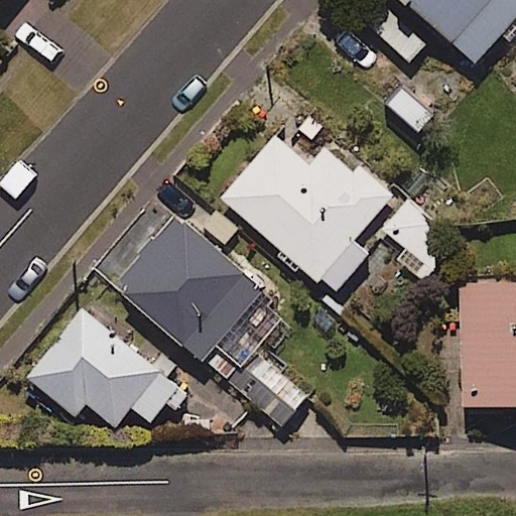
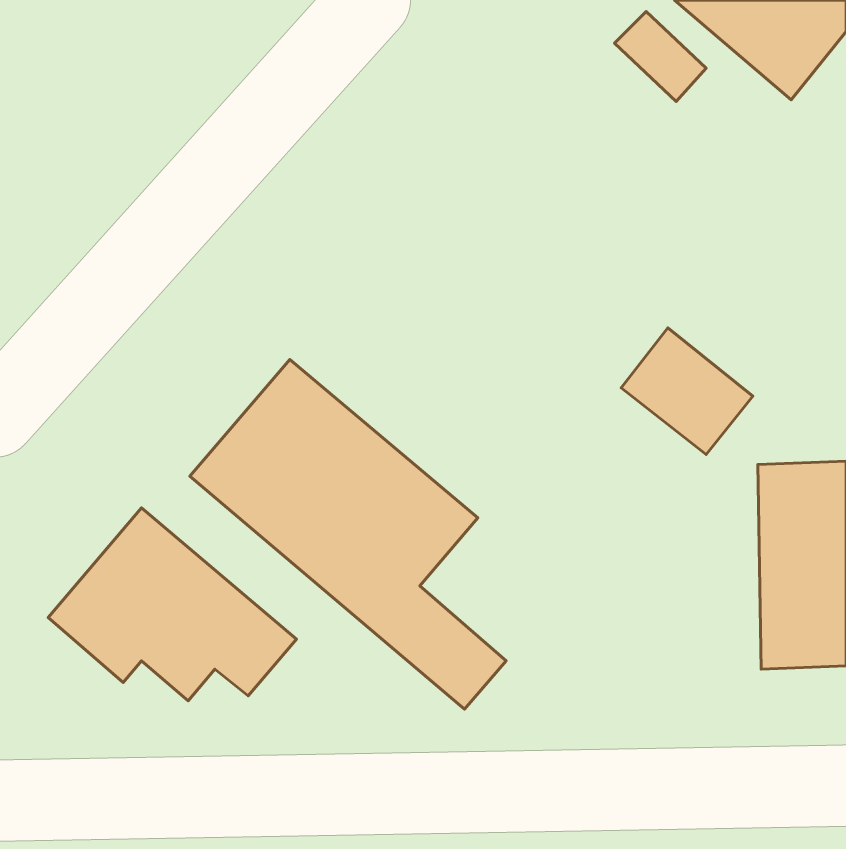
building: [222,134,392,294] -> none

